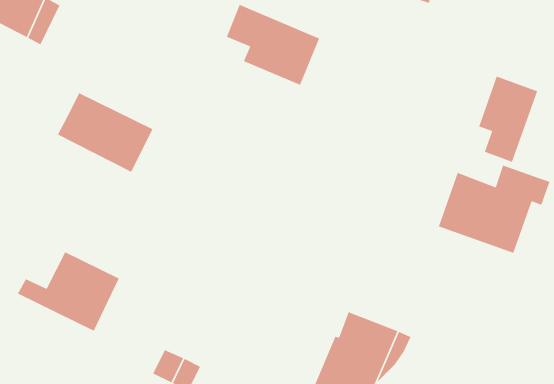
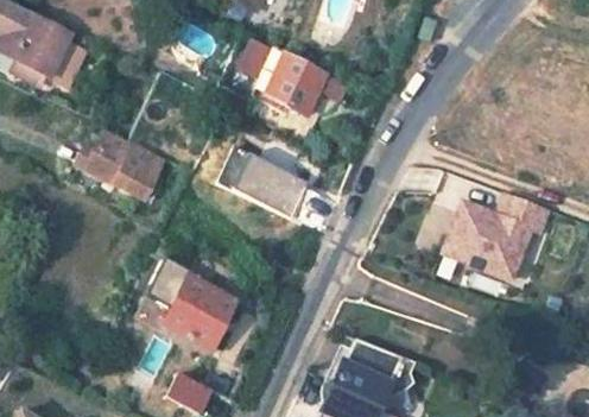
building: [478,76,538,163] -> none
building: none -> [215,149,306,213]
building: [17,251,120,332] -> [138,272,238,350]

